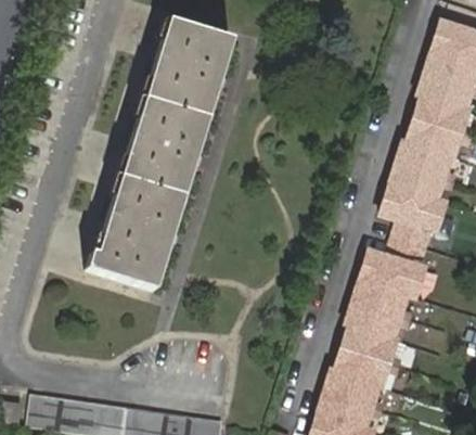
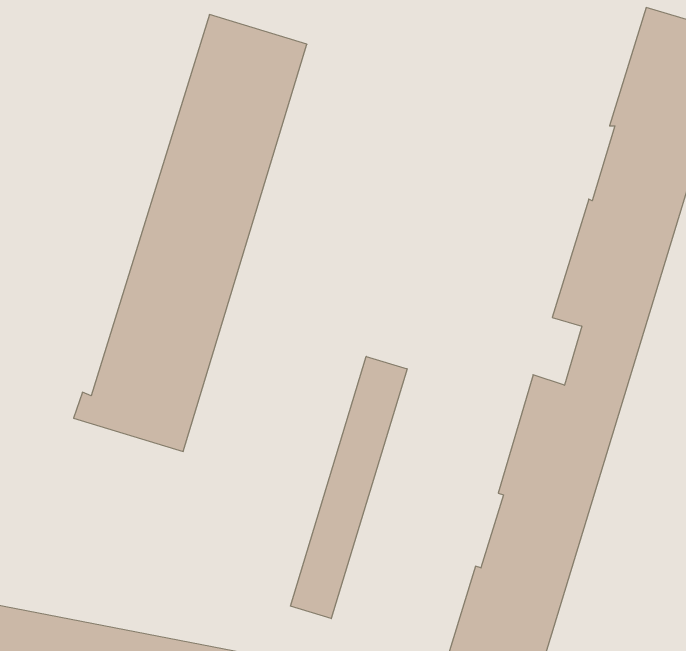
building: none -> [290,356,407,619]

